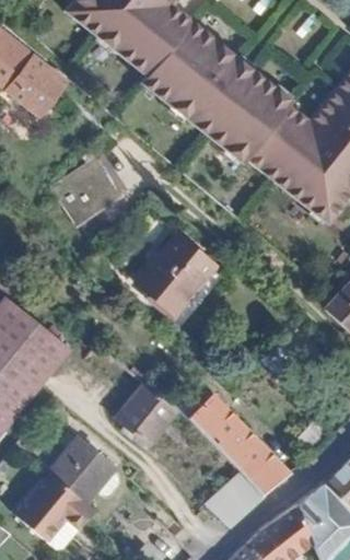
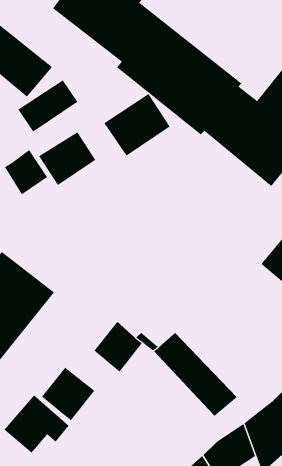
building: none -> [18,80,78,133]
building: none -> [104,93,170,156]
building: none -> [4,149,48,195]
building: [140,236,215,313] -> none
building: [205,475,264,530] -> none

